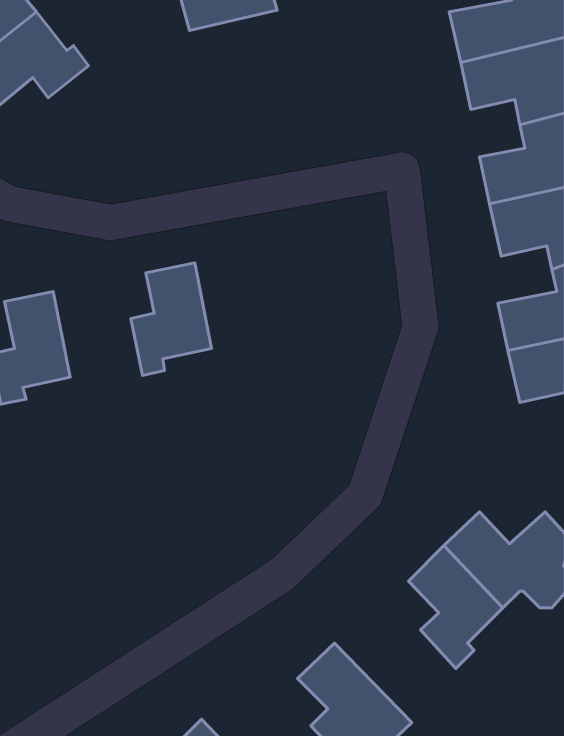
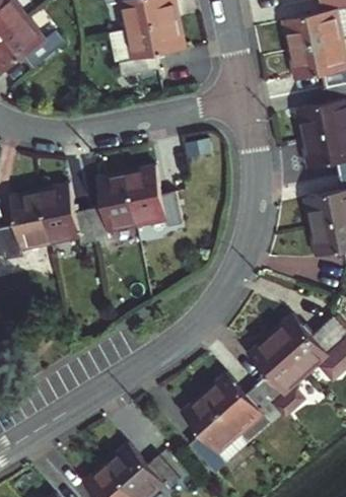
building: none -> [107,15,180,75]
building: none -> [122,161,179,220]
building: none -> [37,179,90,237]
building: none -> [206,376,279,444]

